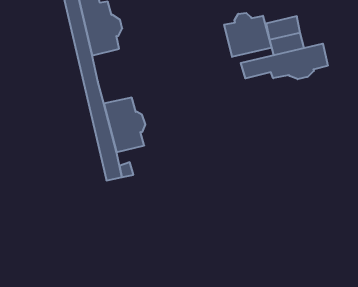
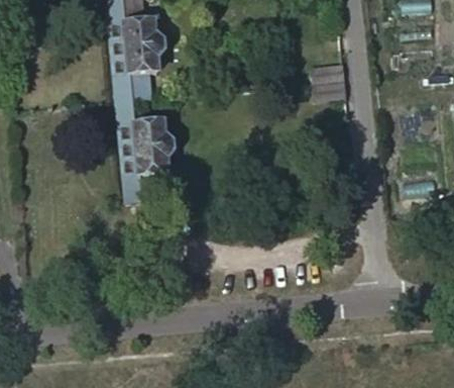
building: [224,13,271,57] -> none
building: [241,44,328,79] -> none

